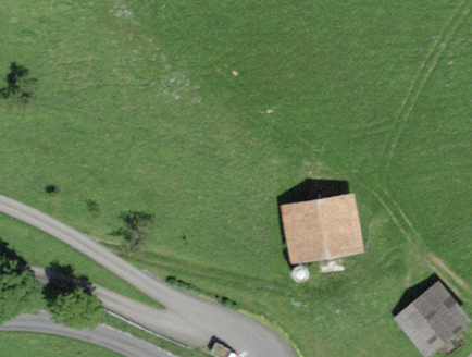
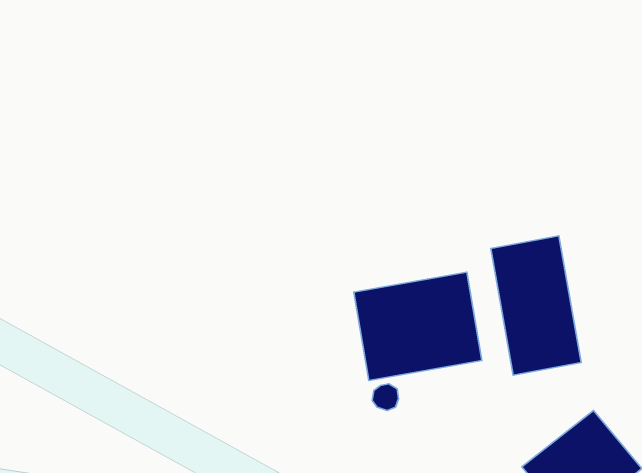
building: none -> [491,236,581,375]

